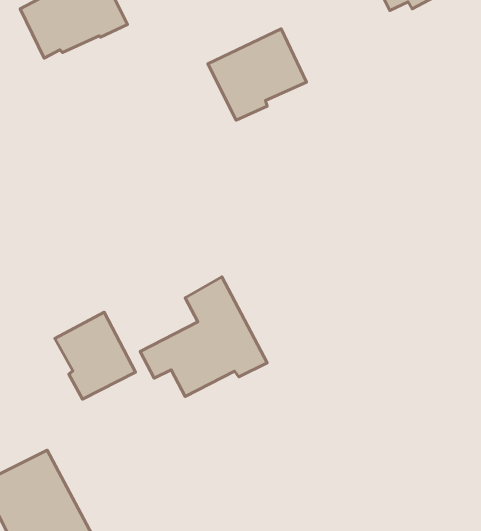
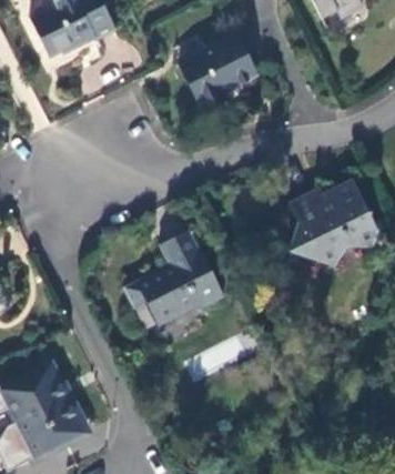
building: none -> [287,180,376,268]
building: [55,312,136,399] -> none

